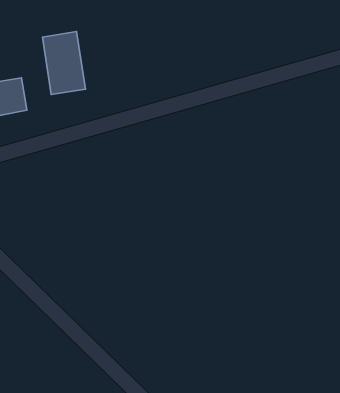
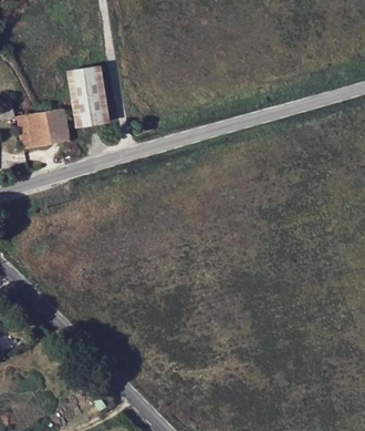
building: none -> [45,107,69,143]

